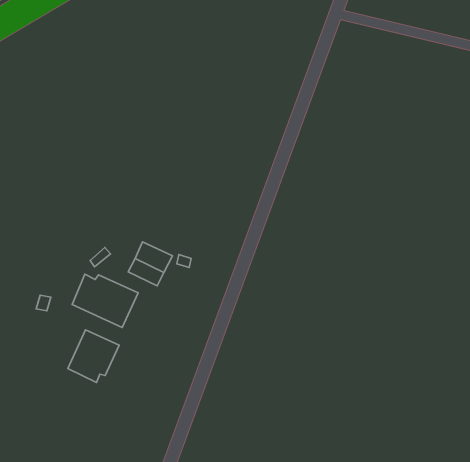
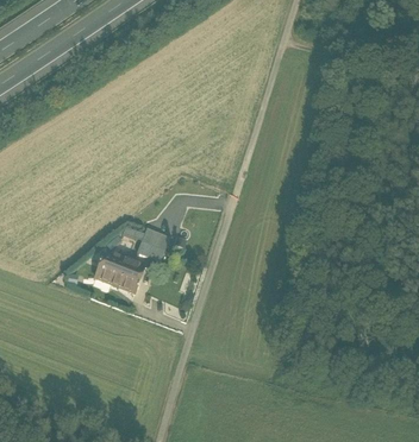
building: [68,330,119,383] -> none

